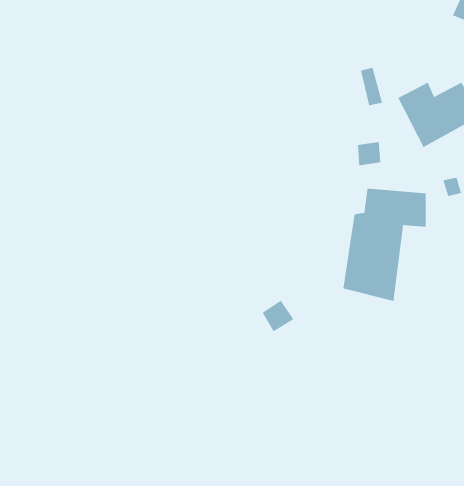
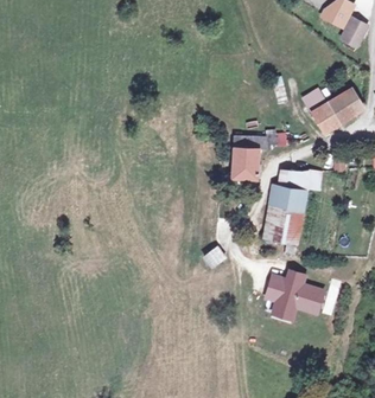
building: none -> [227,134,259,182]
building: none -> [269,270,326,319]

